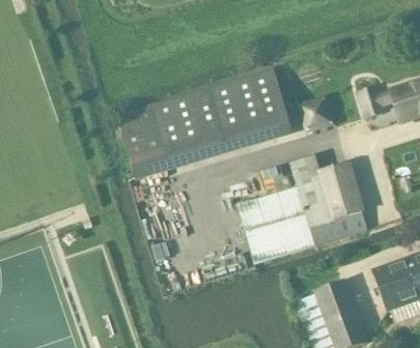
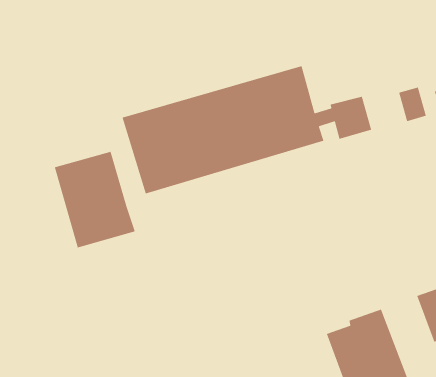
building: none -> [54,151,136,248]
building: [236,153,367,262] -> none

